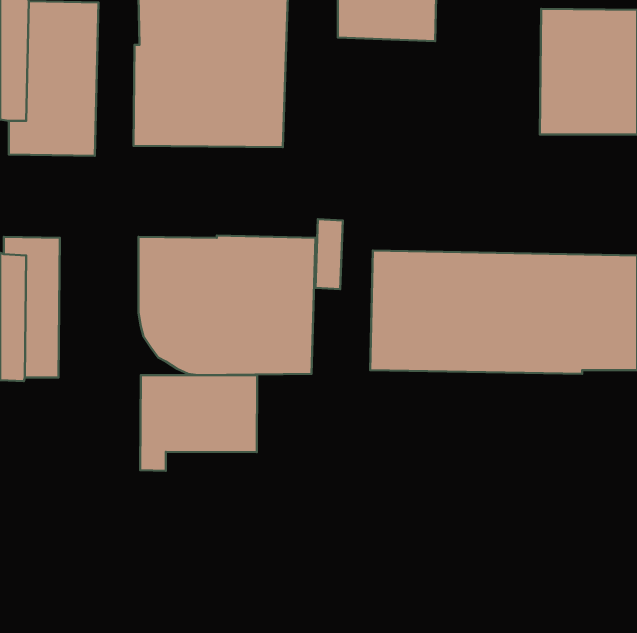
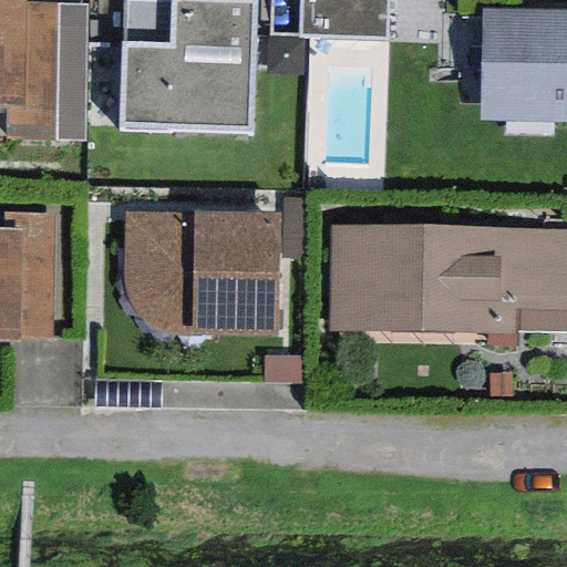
building: [140,375,257,471] -> none

